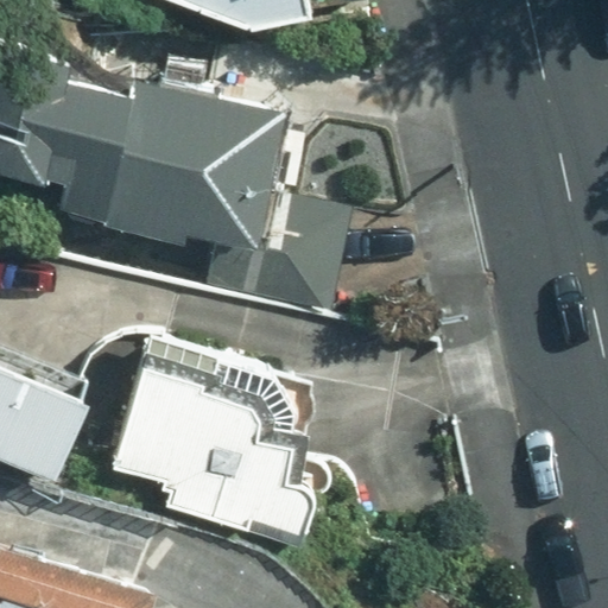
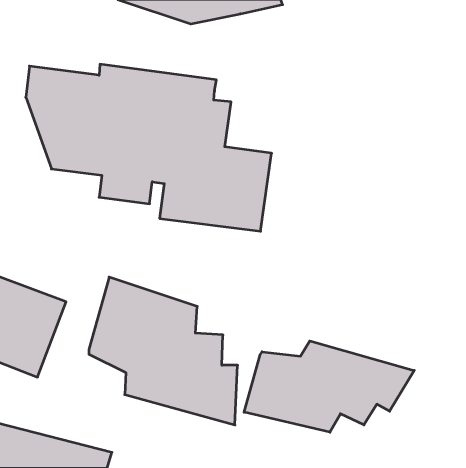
building: none -> [244,341,414,432]

